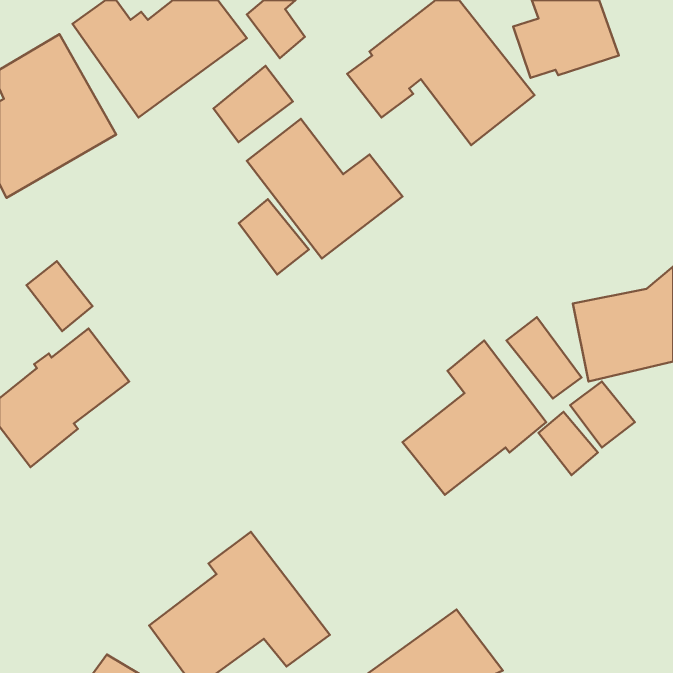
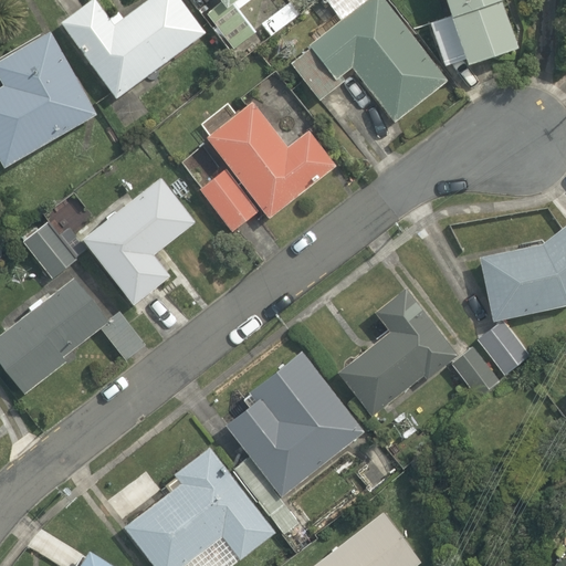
building: [213,66,293,142] -> none
building: none -> [82,177,196,304]
building: [507,317,582,398] -> none
building: none -> [226,350,364,535]

